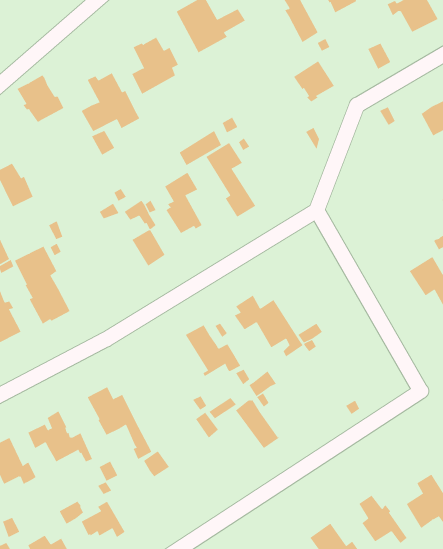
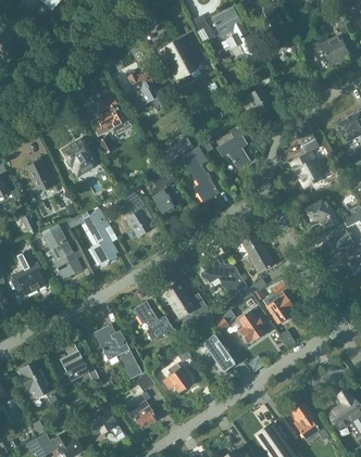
building: [17,74,64,123] -> [62,139,97,175]
building: none -> [216,125,249,167]
building: none -> [292,134,323,185]
building: none -> [307,199,340,226]
building: none -> [85,210,117,266]
building: none -> [241,234,273,274]
building: none -> [262,280,291,322]
building: none -> [133,302,173,338]
building: none -> [238,307,266,343]
building: none -> [161,363,190,392]
building: none -> [126,399,157,429]

